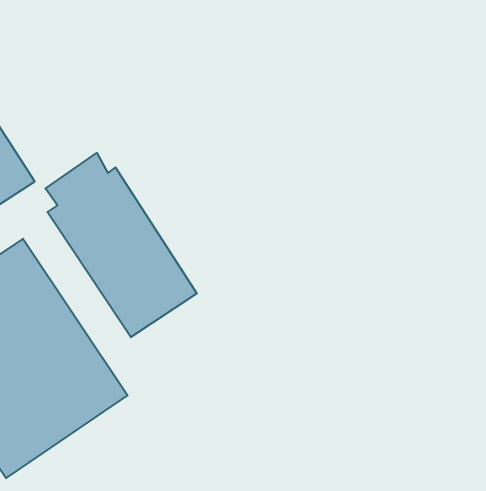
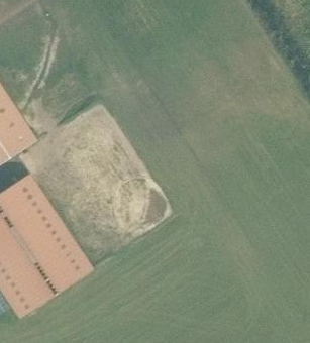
building: [45,153,197,337] -> none

